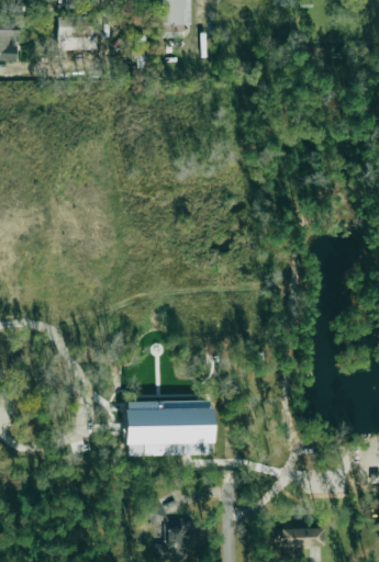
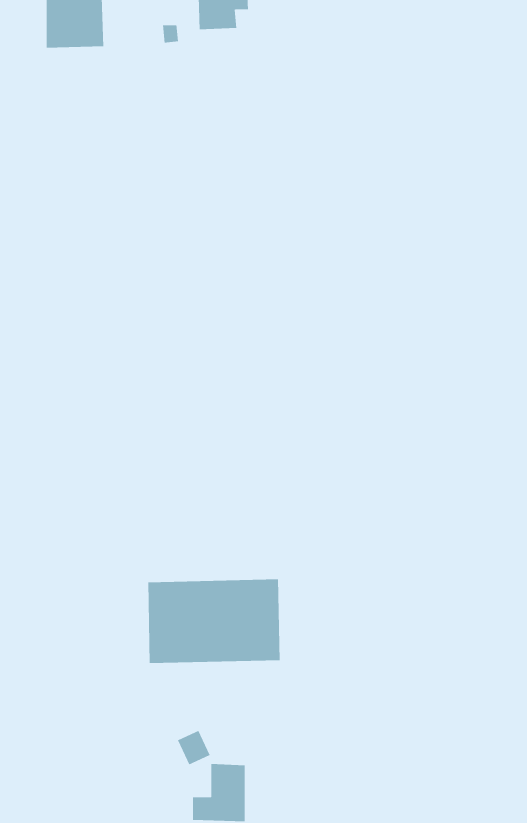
building: [280,527,324,547] -> none

